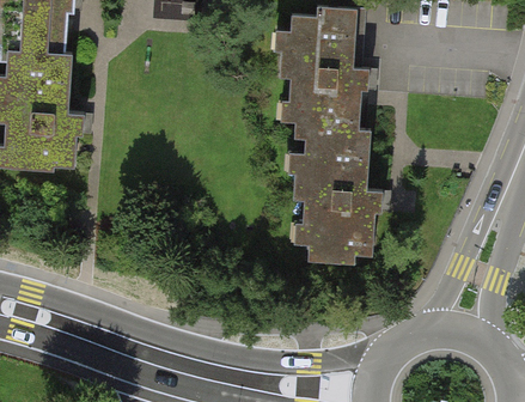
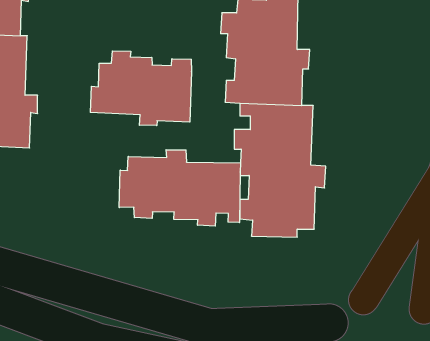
building: none -> [90,51,191,126]
building: none -> [119,150,241,226]

